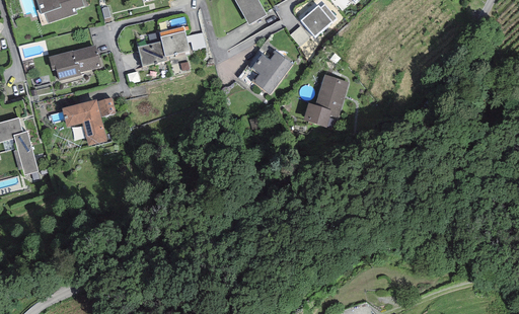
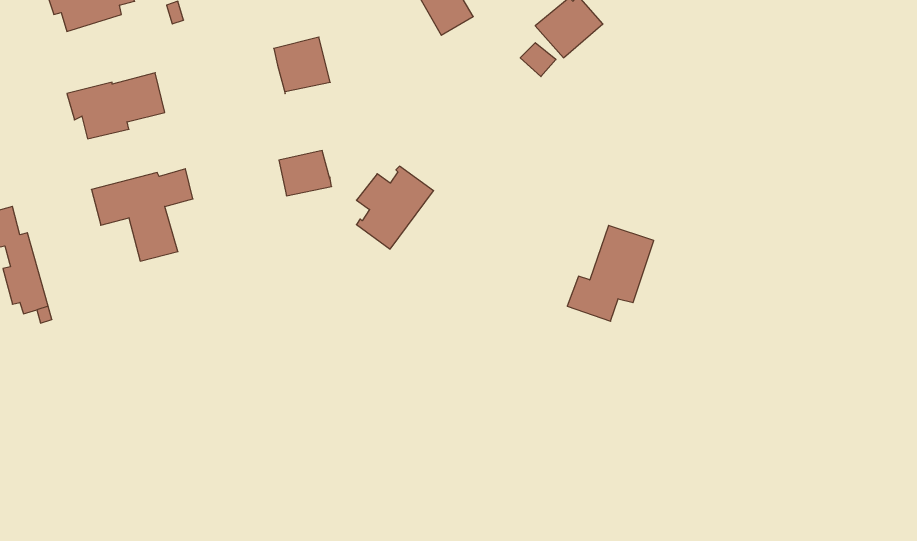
building: [138,41,166,65] -> [279,151,332,196]
building: [251,50,293,94] -> [356,166,434,249]
building: [302,75,349,127] -> [567,225,654,321]

